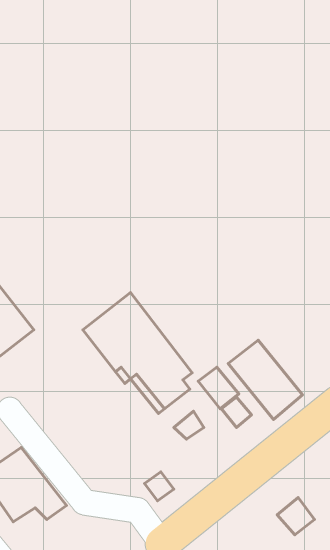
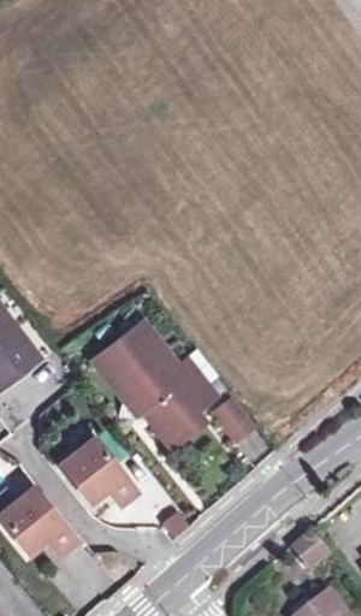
building: [228,340,303,419] -> none
building: none -> [54,438,135,504]

